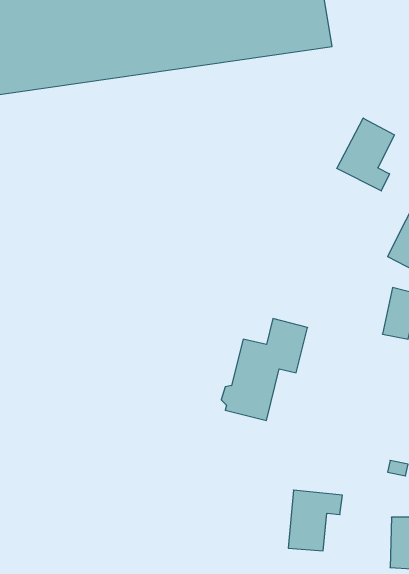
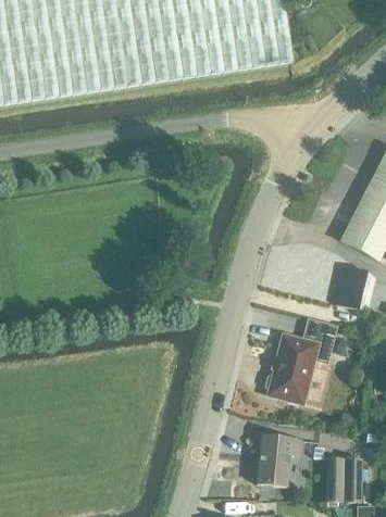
building: [337,118,394,191] -> none
building: [221,319,308,420] -> [264,317,337,403]
building: none -> [325,458,344,501]

